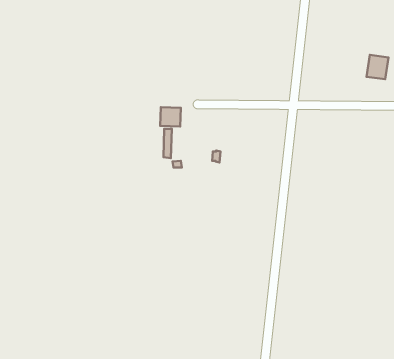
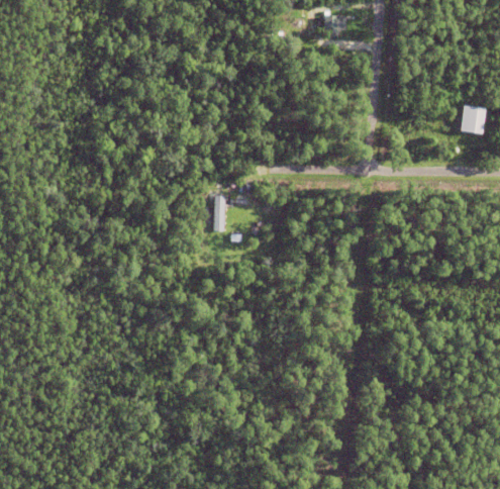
building: [160,107,181,126] -> none

